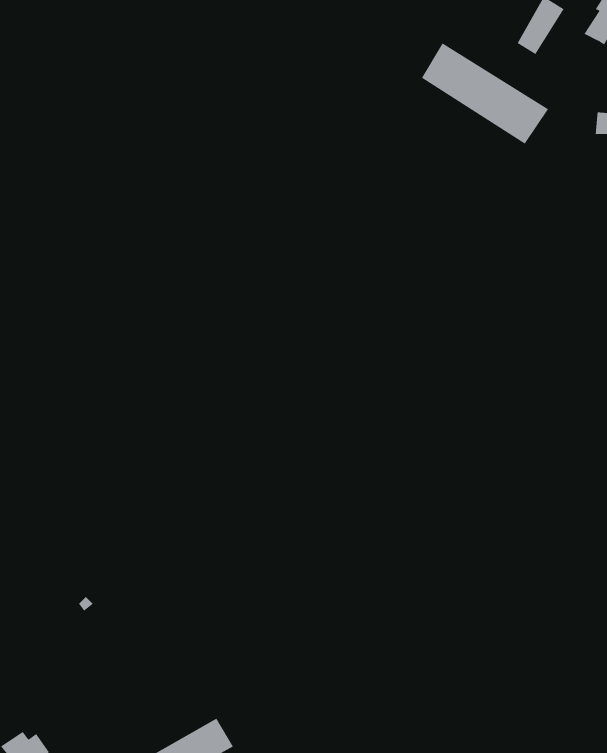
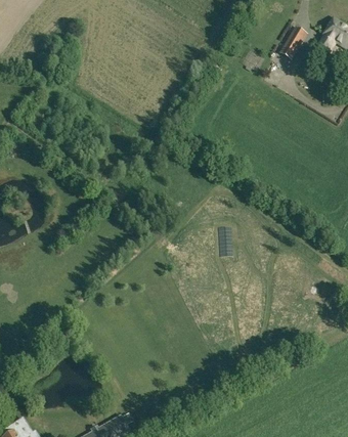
building: [421,42,549,144] -> none

